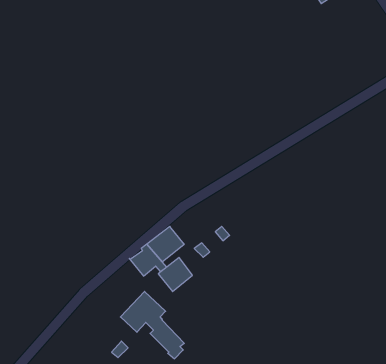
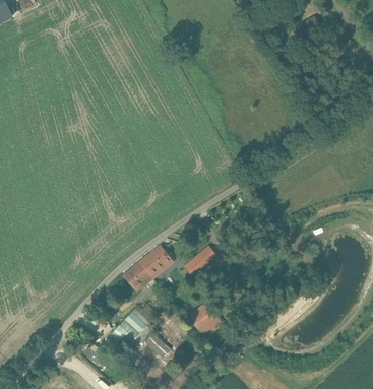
building: [158,257,192,292] -> [187,301,219,332]

